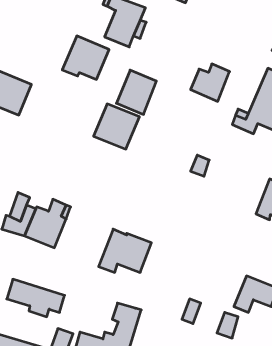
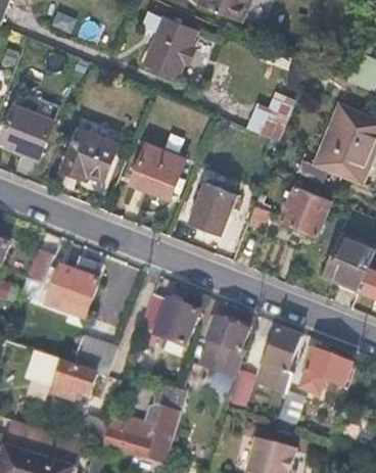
building: [62,36,109,79] -> [62,129,119,181]
building: [116,70,156,114] -> [189,182,237,235]
building: none -> [281,186,330,235]
building: none -> [210,320,248,378]
building: none -> [261,328,299,387]
building: none -> [72,339,116,375]

